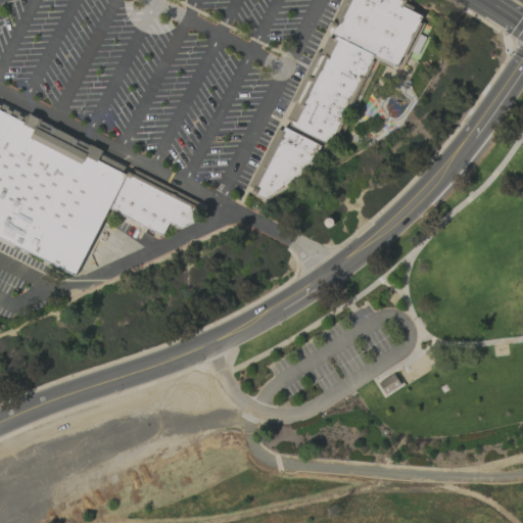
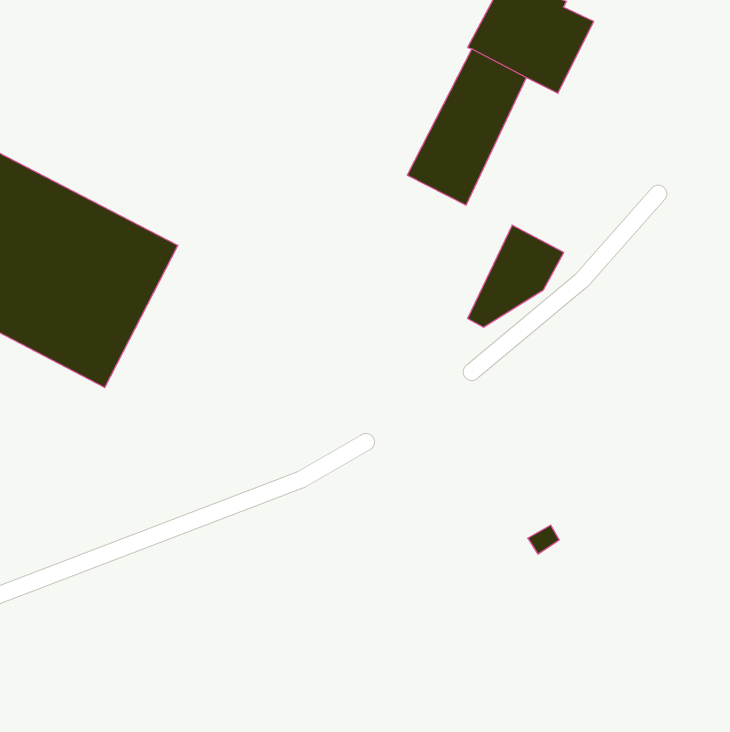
building: [253,127,322,199] -> [468,225,564,327]
building: [109,175,199,236] -> none

